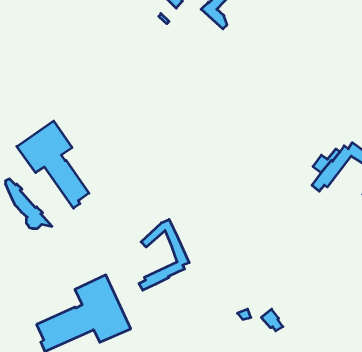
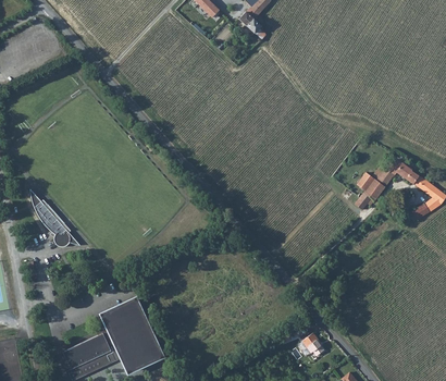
building: [17,121,89,208] -> none
building: [139,219,189,290] -> none

